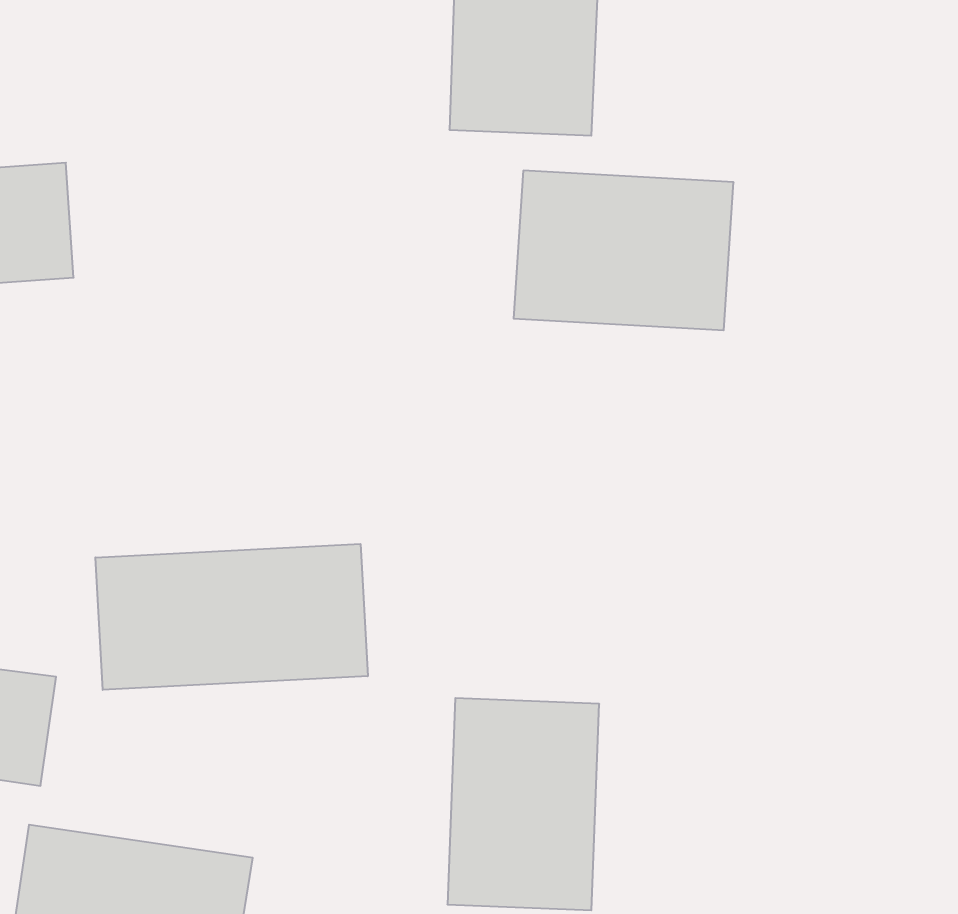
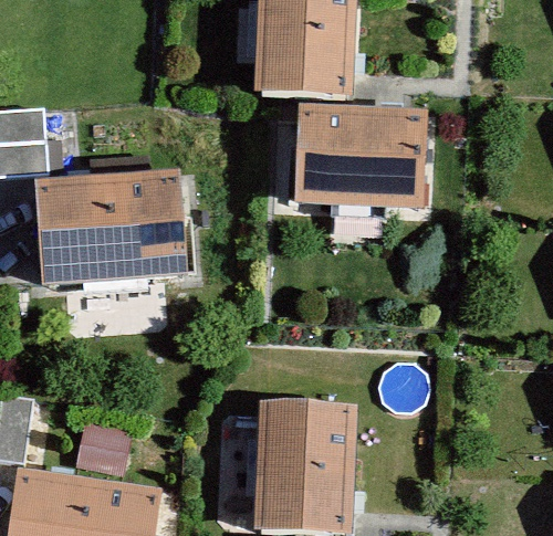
building: none -> [39,180,173,276]
building: [95,544,368,690] -> none

